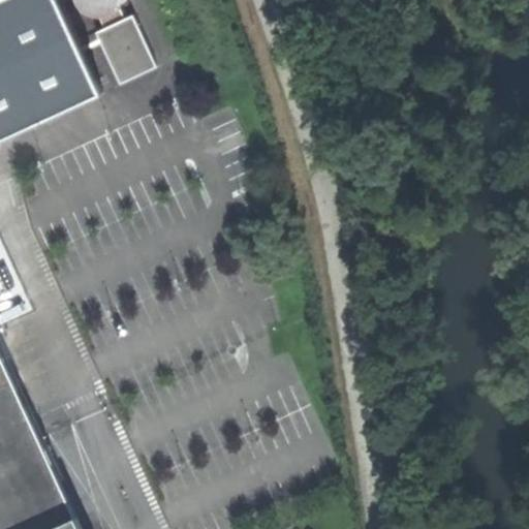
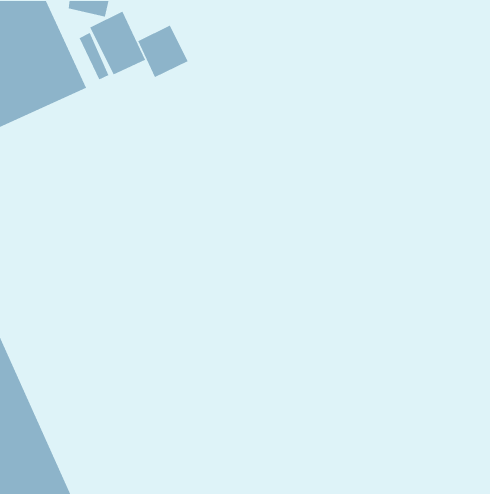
building: none -> [137,25,189,78]

